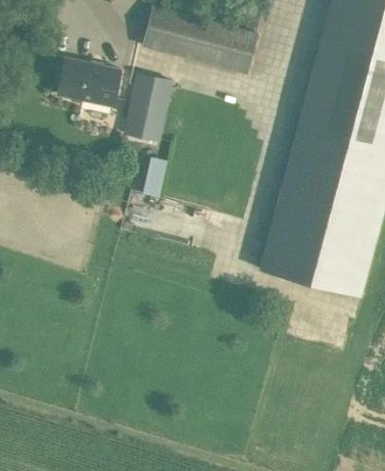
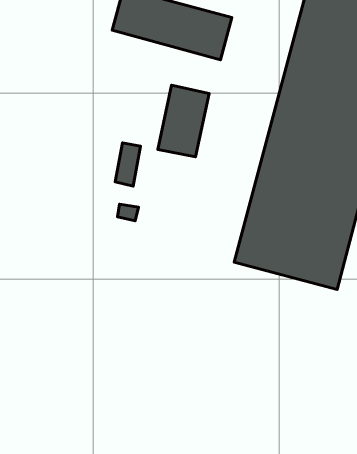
building: [55,55,123,107] -> none
building: [123,72,173,141] -> [158,85,209,157]

